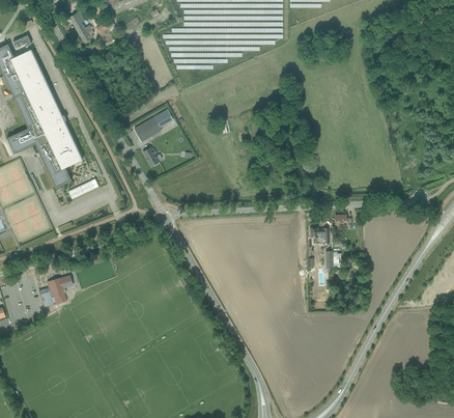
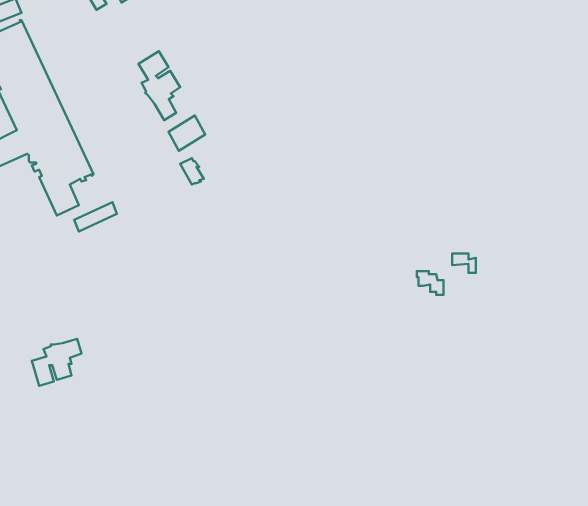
building: none -> [138,51,180,120]

